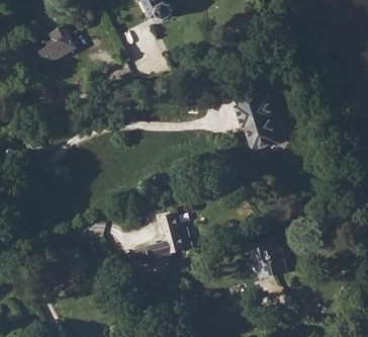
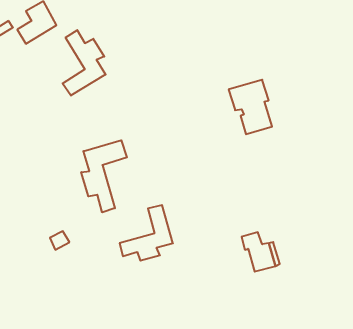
building: none -> [63,30,106,96]
building: none -> [81,140,127,212]

